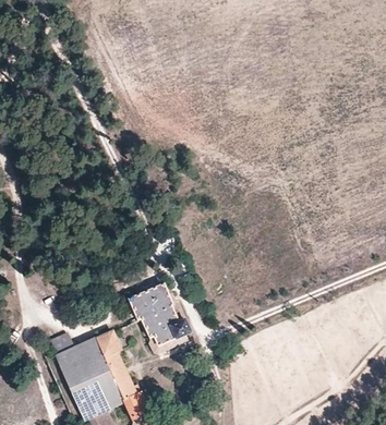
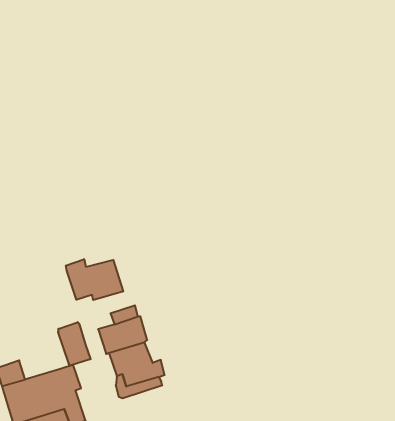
building: none -> [66,259,123,300]
building: none -> [58,322,91,366]

